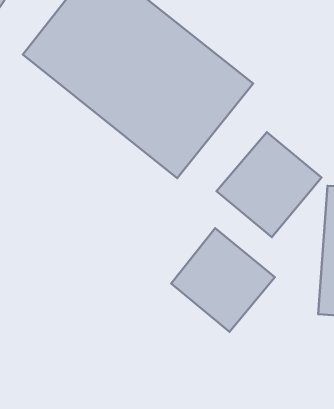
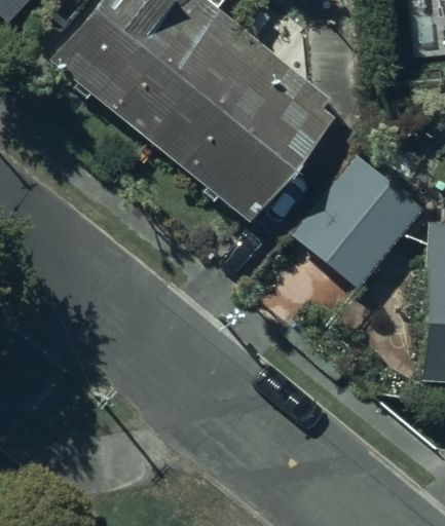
building: [171,228,275,332] -> none

